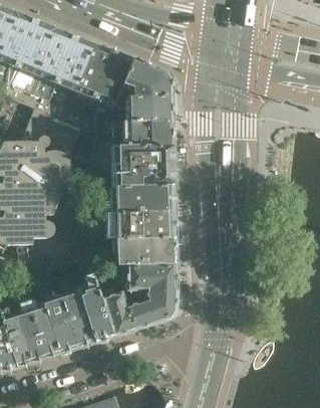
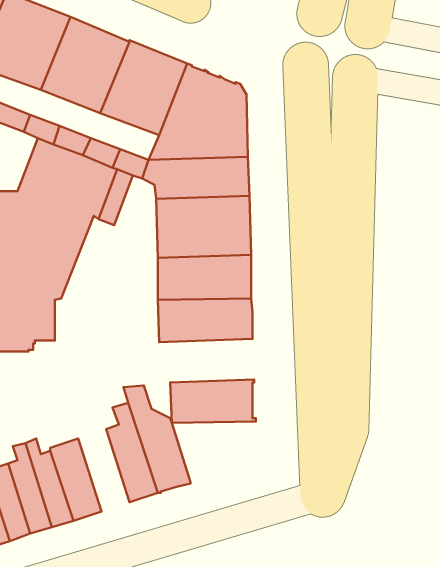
building: [111,236,173,264] -> none
building: [119,289,174,329] -> none
building: [59,294,92,348] -> none

